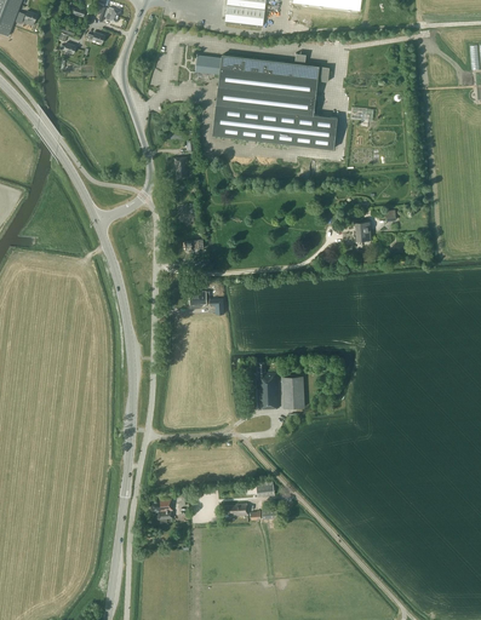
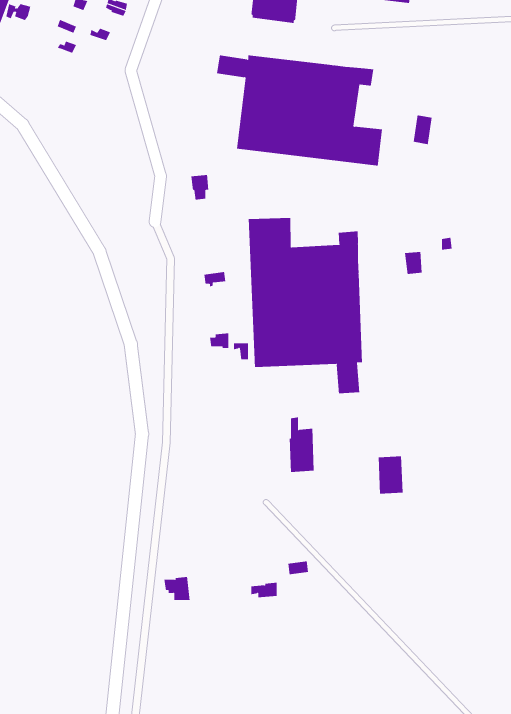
building: none -> [248,217,362,394]
building: [282,374,304,407] -> [378,456,403,494]

